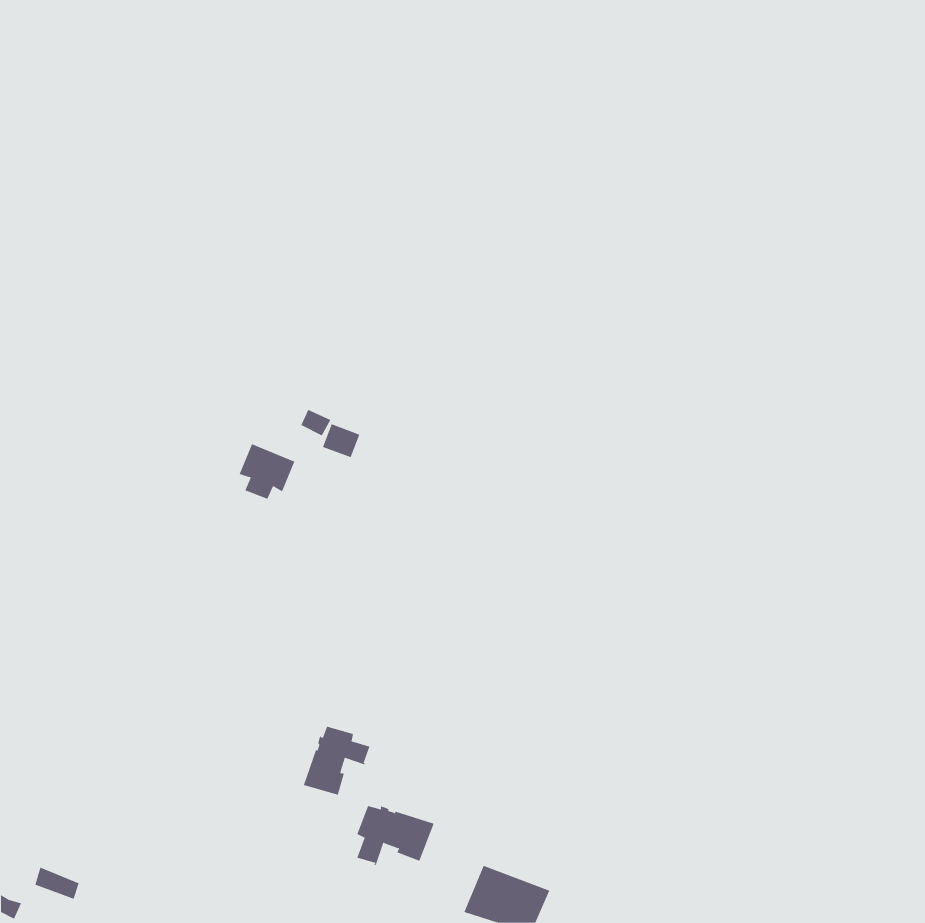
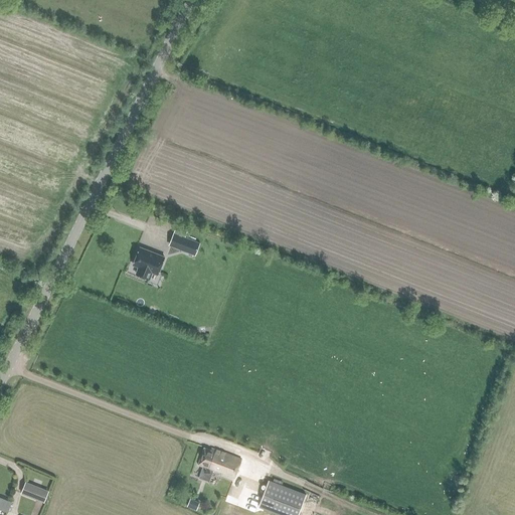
building: [303,726,370,796] -> none

